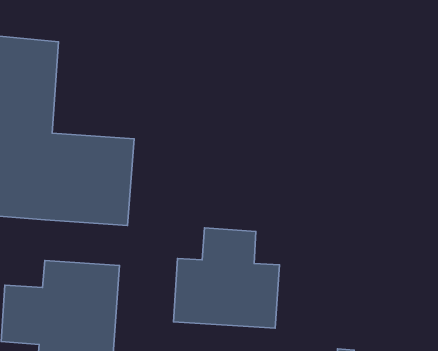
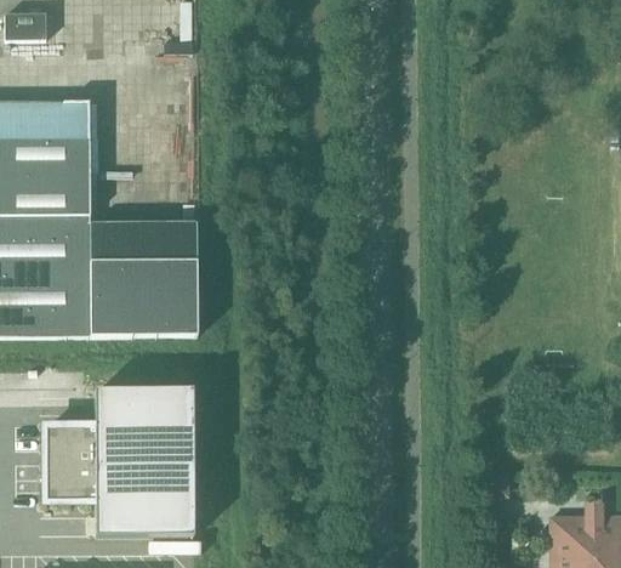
building: [173,228,279,328] -> none

